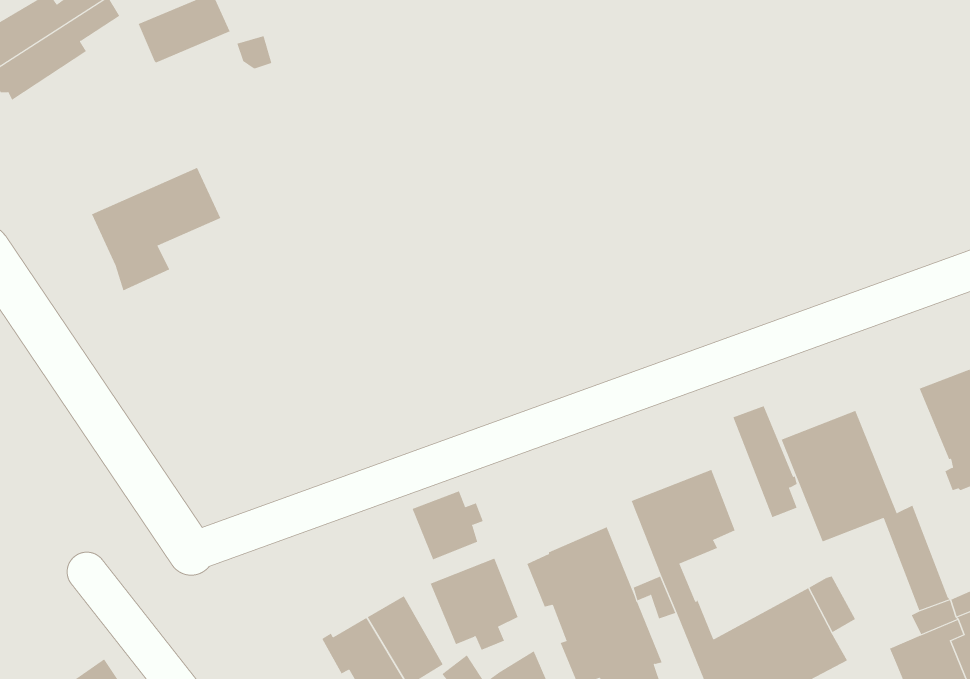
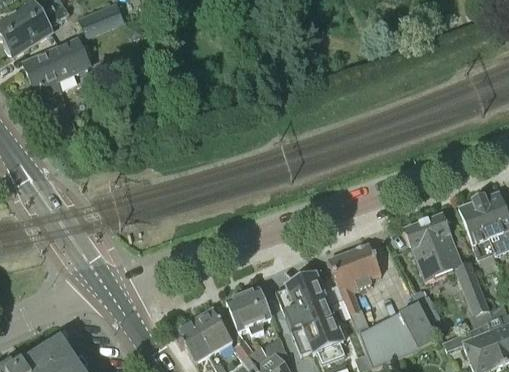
building: [91,167,221,291] -> [23,40,89,103]
building: [732,405,798,518] -> [457,202,490,259]
building: [412,491,483,560] -> none

